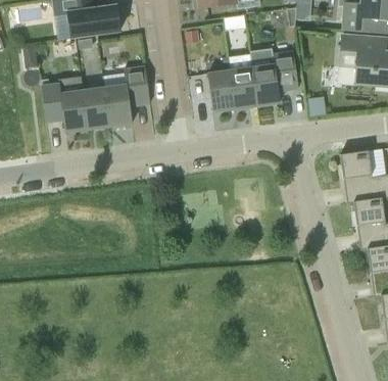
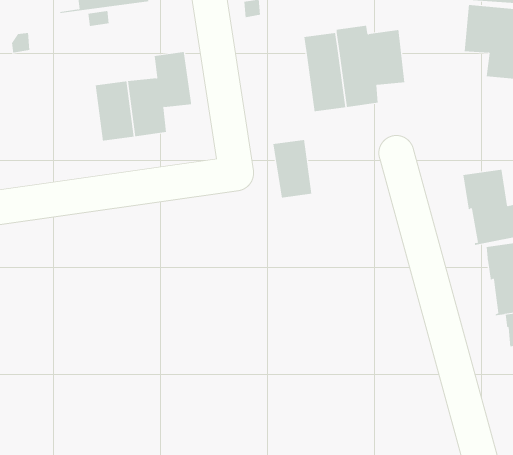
building: [207,70,235,111] -> [272,139,312,198]
building: [42,83,88,132] -> none

